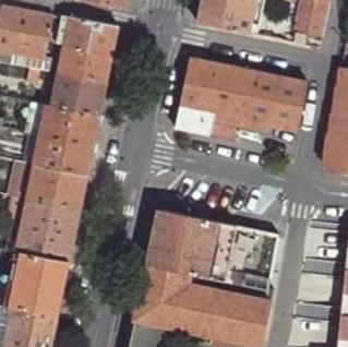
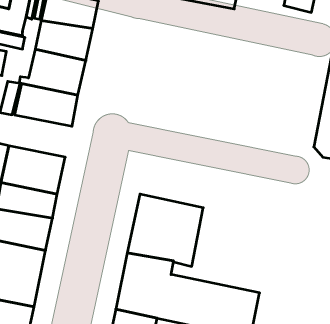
building: [177,58,308,142] -> none
building: [34,134,94,175] -> none
building: [207,223,278,291] -> none

